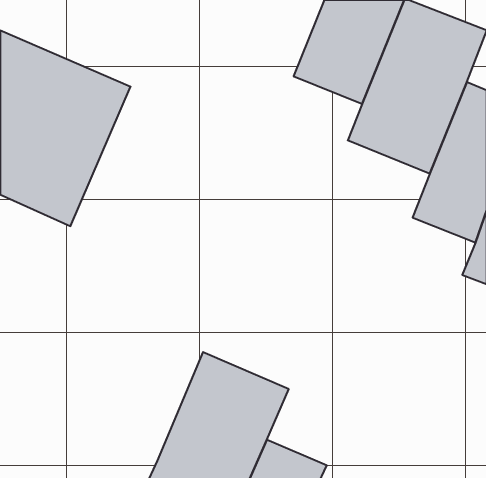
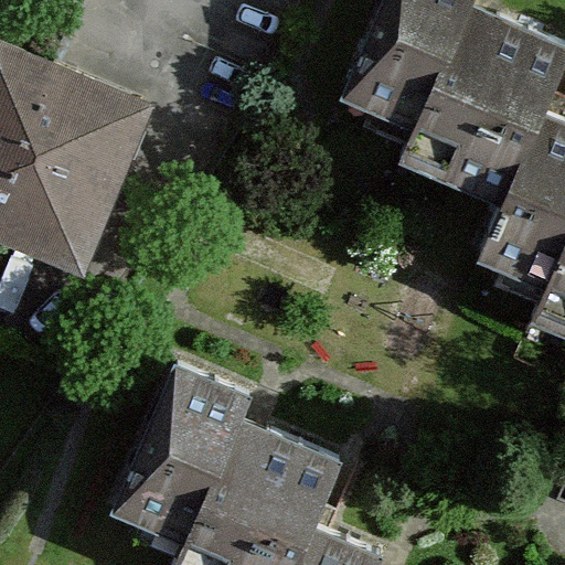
building: none -> [108,358,248,544]

